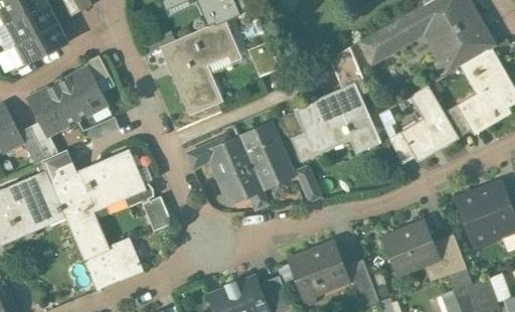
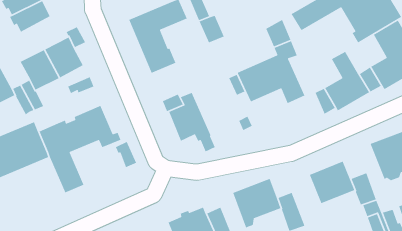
building: [239,122,293,190] -> none
building: [41,151,74,184] -> none
building: [83,240,140,290] -> none

